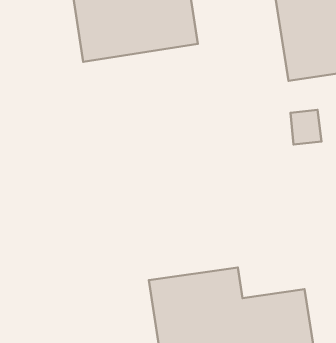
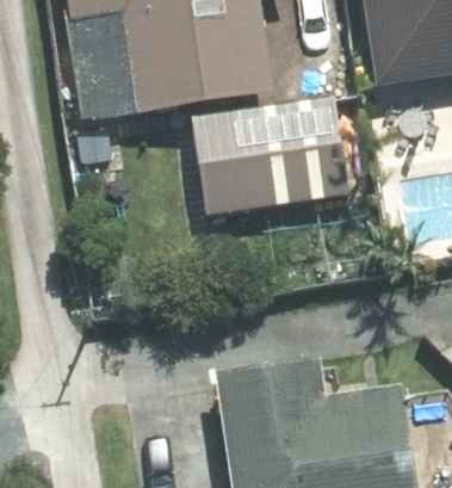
building: none -> [215,93,351,203]

